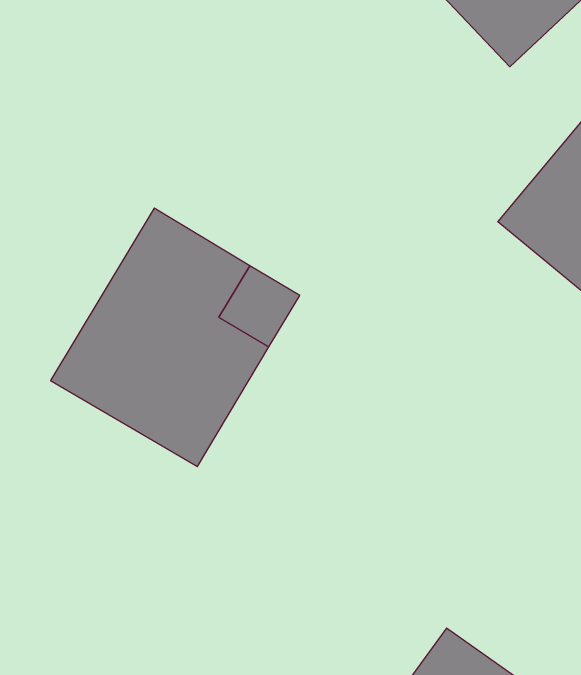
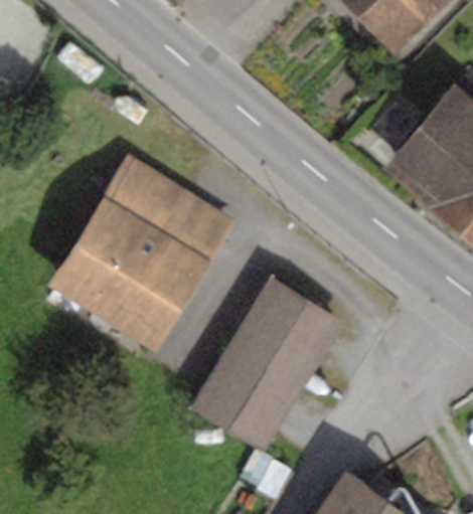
building: none -> [191,278,343,452]

